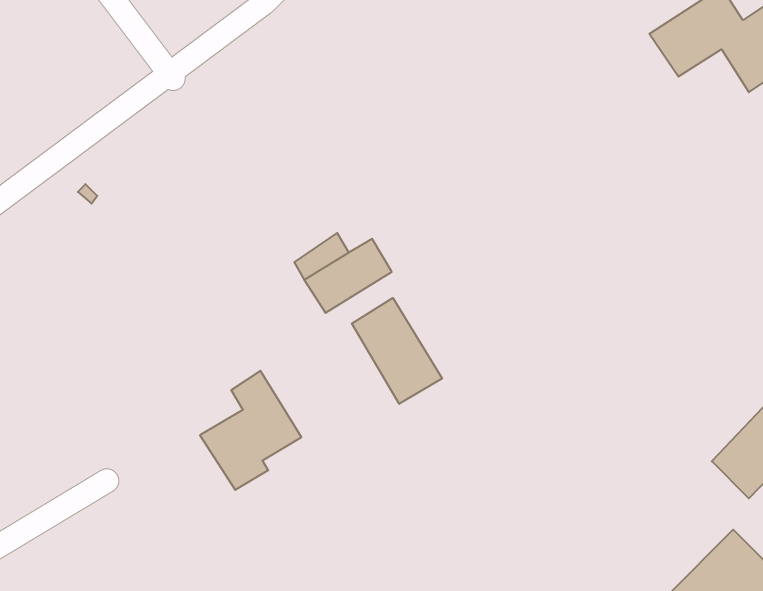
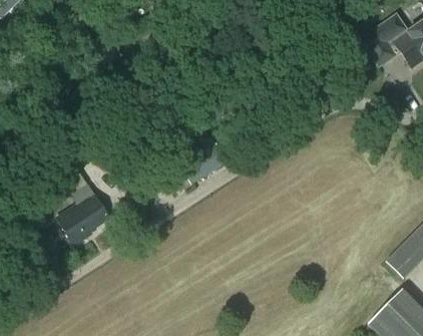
building: [352,298,442,404] -> none
building: [200,371,301,490] -> [57,183,109,244]

